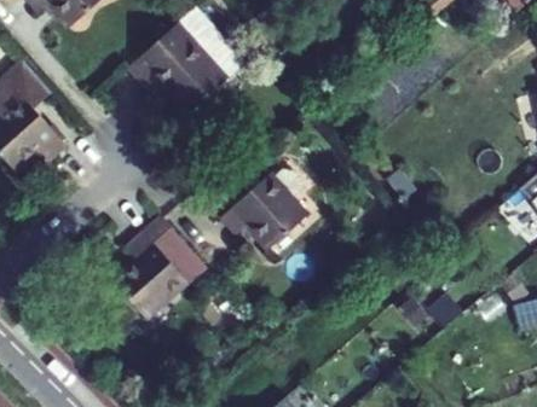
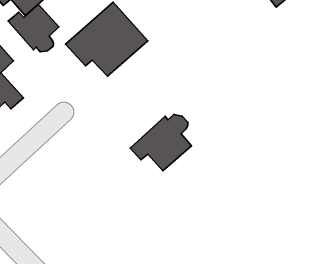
building: none -> [8,4,59,52]
building: [110,216,206,319] -> none

